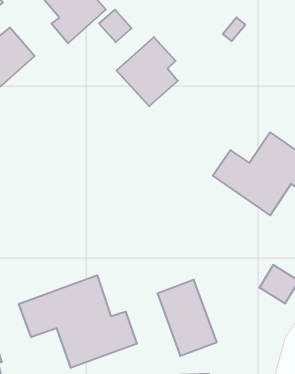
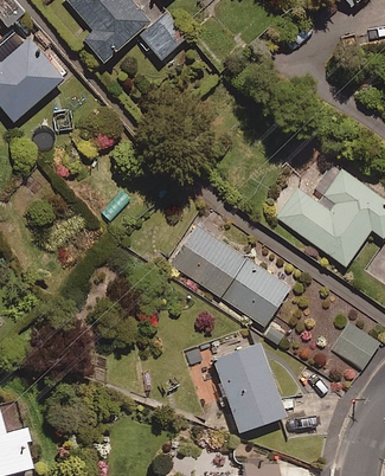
building: [117,37,178,106] -> none
building: none -> [169,223,293,329]
building: [19,275,137,368] -> none

